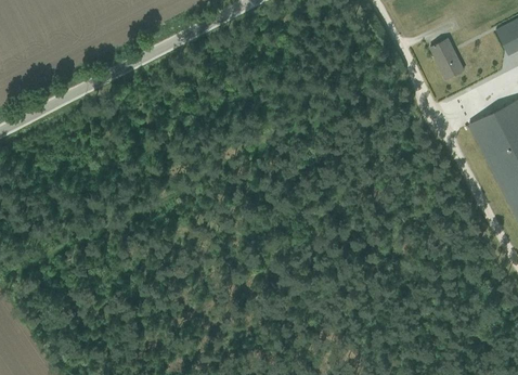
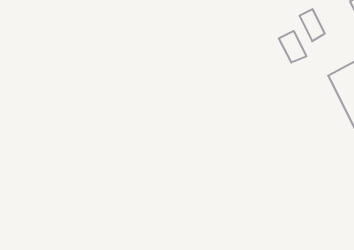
building: none -> [279,31,306,63]

